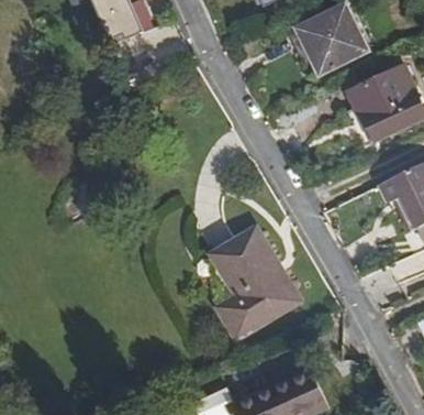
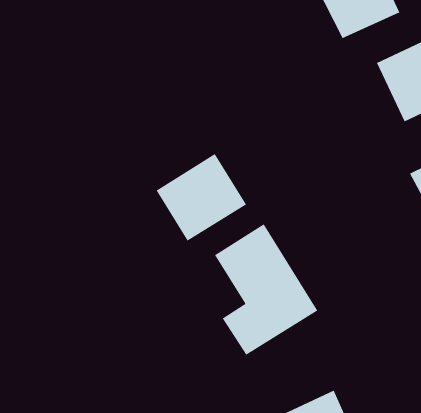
building: none -> [156,153,247,242]

